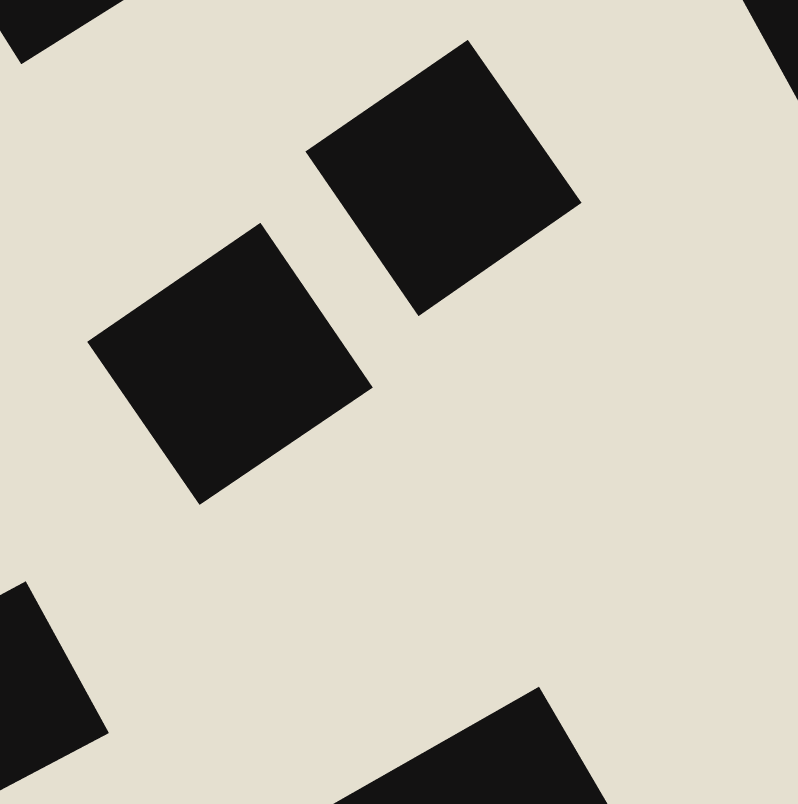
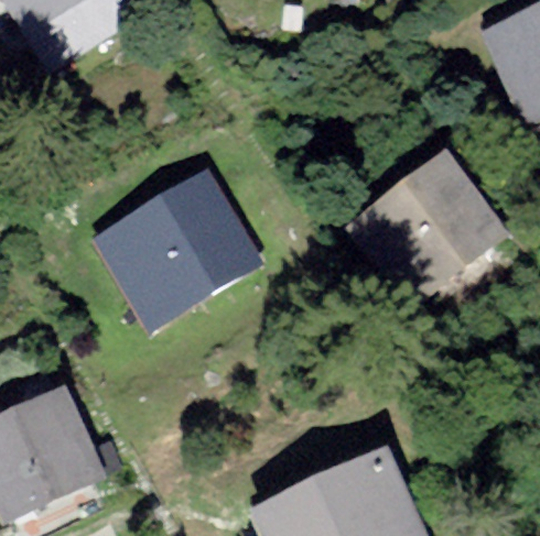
building: [305,39,583,317] -> none
building: none -> [345,154,503,306]

